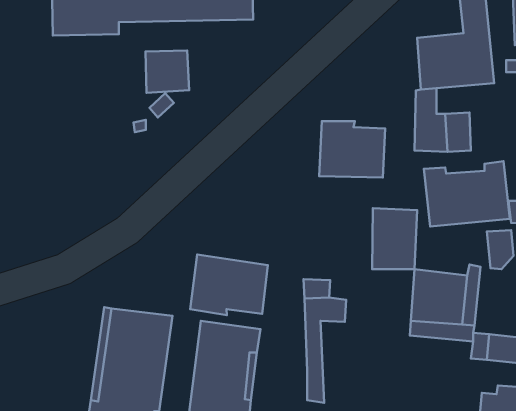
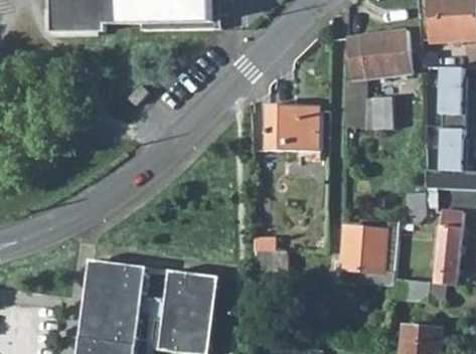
building: [145,51,189,93] -> none
building: [424,161,510,226] -> none
building: [372,208,417,269] -> none
building: [190,255,268,315] -> none

